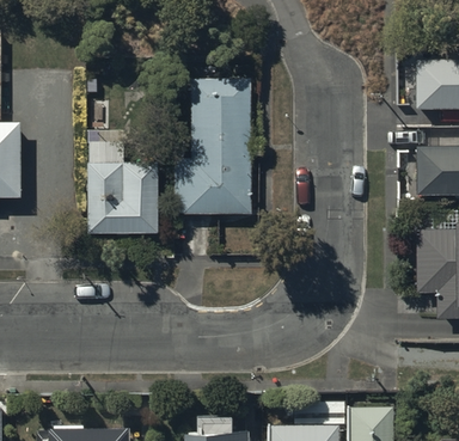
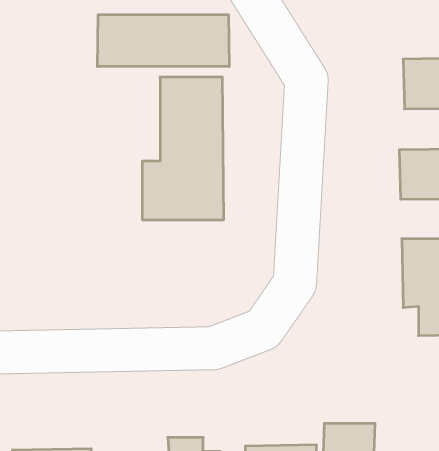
building: none -> [97,15,229,67]
building: [88,140,157,232] -> none

